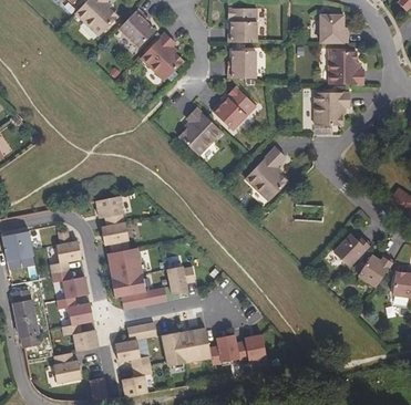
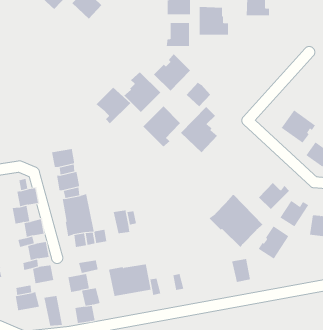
building: [140,32,183,80] -> none
building: [328,50,362,83] -> [199,6,229,35]
building: [314,92,348,125] -> none
building: none -> [186,82,211,107]
building: none -> [95,87,131,124]
building: none -> [142,106,181,148]
building: none -> [281,110,316,144]
building: none -> [209,194,264,248]
building: none -> [258,226,289,260]
building: [216,334,238,362] -> none
building: [244,334,266,362] -> [231,258,251,282]

